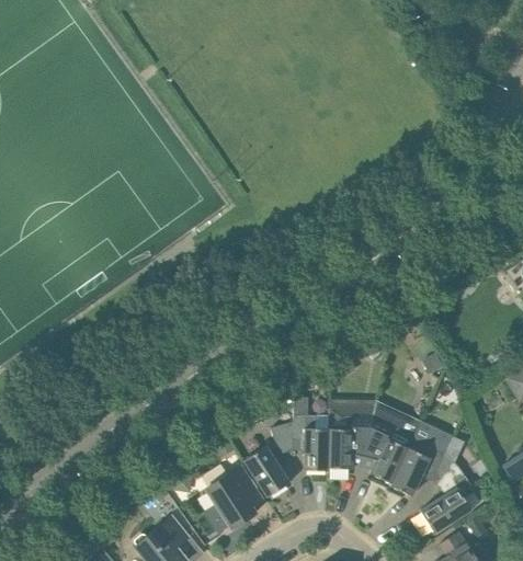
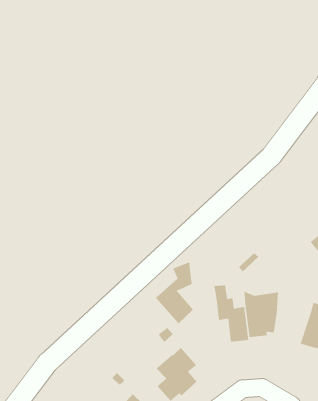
building: [362,400,419,485] -> none
building: [245,422,295,497] -> [155,262,194,324]

